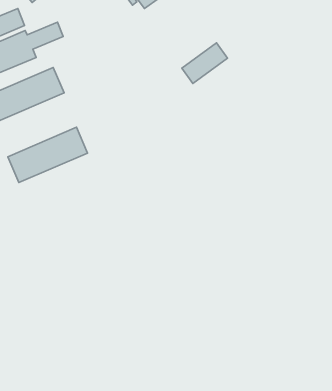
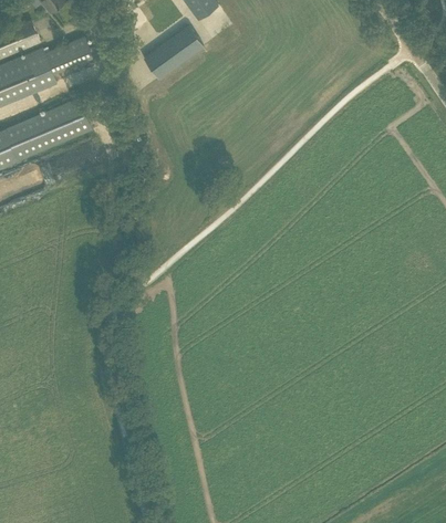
building: [182,43,227,83] -> [144,27,204,80]
building: [8,127,88,183] -> none

